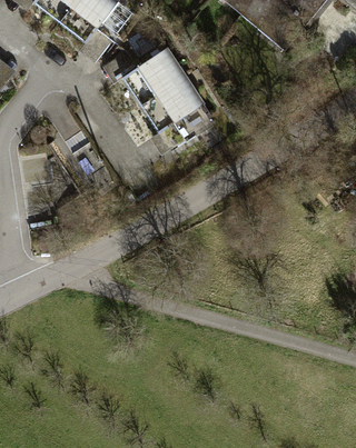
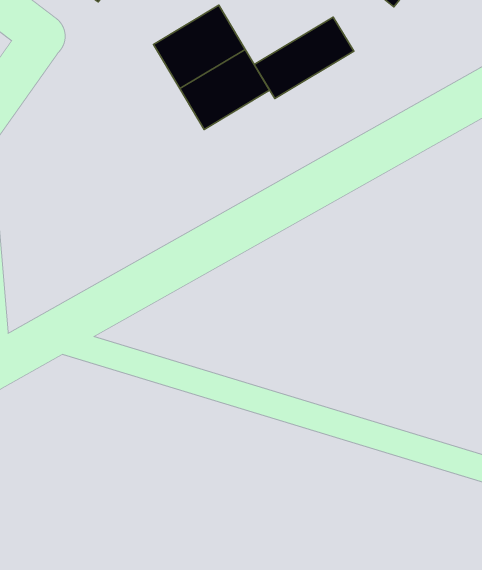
building: none -> [254,17,354,99]

